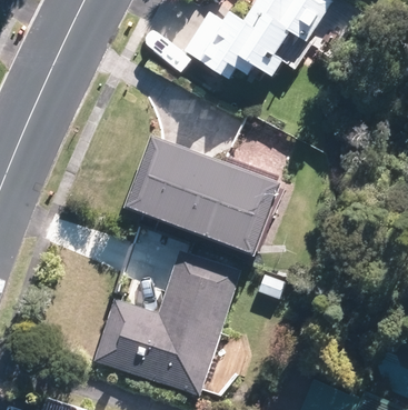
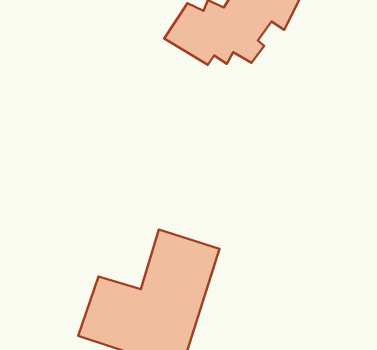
building: [123,134,285,256] -> none

